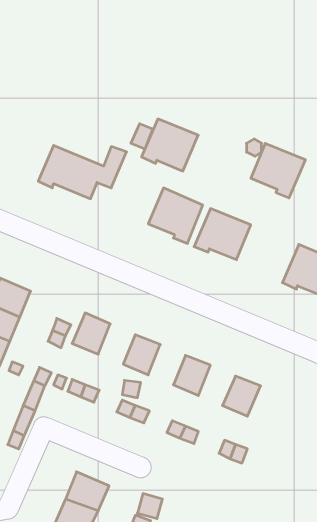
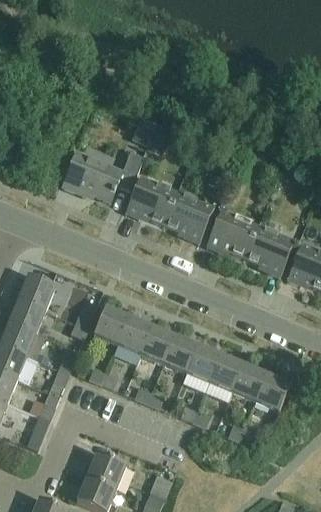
building: [142,119,198,171] -> [125,176,177,224]
building: [251,143,305,198] -> [244,225,294,275]
building: none -> [114,316,151,361]
building: none -> [163,335,197,372]
building: none -> [209,354,243,391]
building: none -> [254,373,290,410]

